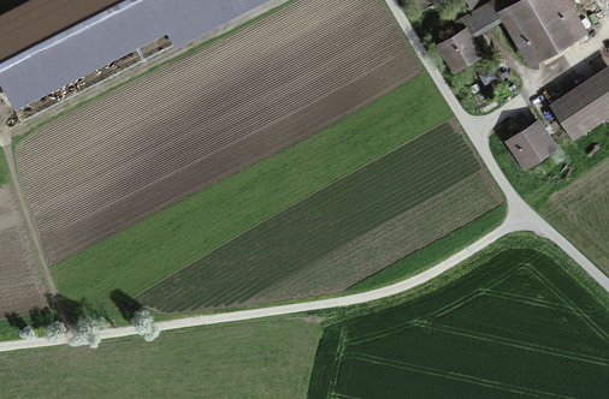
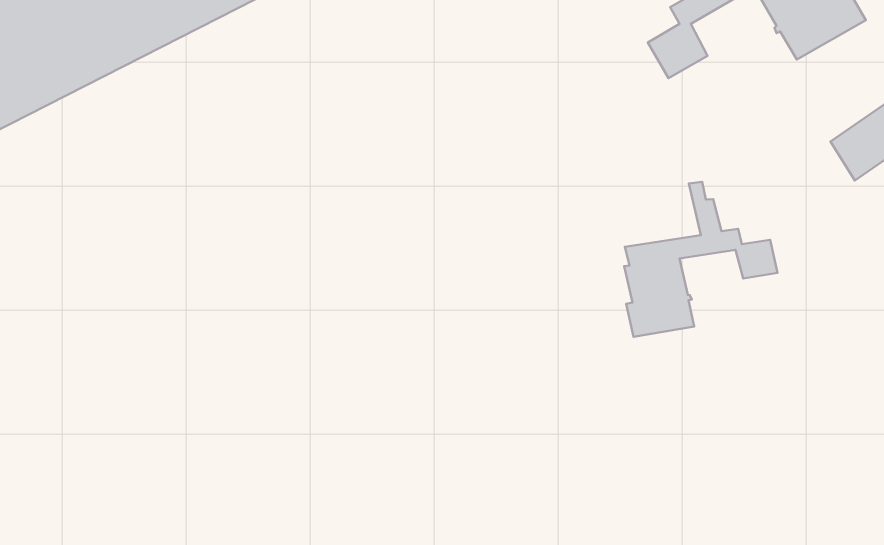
building: [509,127,554,168] -> none
building: none -> [624,182,777,337]

